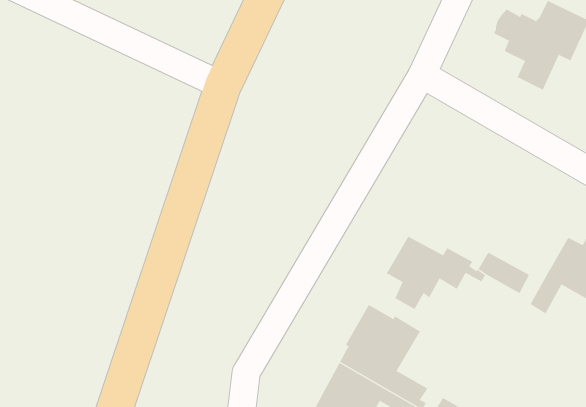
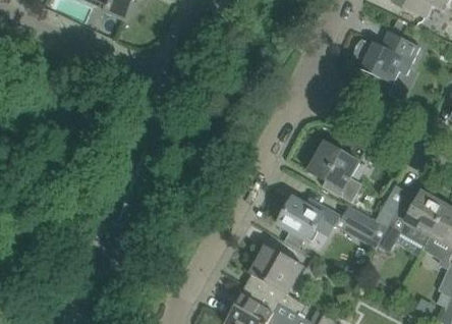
building: none -> [307,141,361,203]

